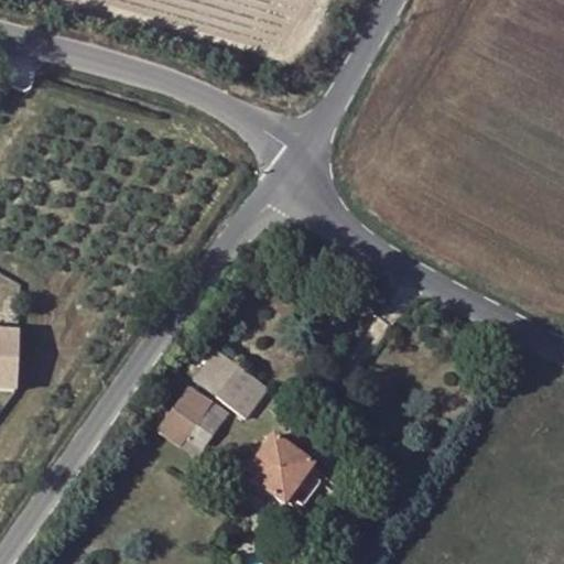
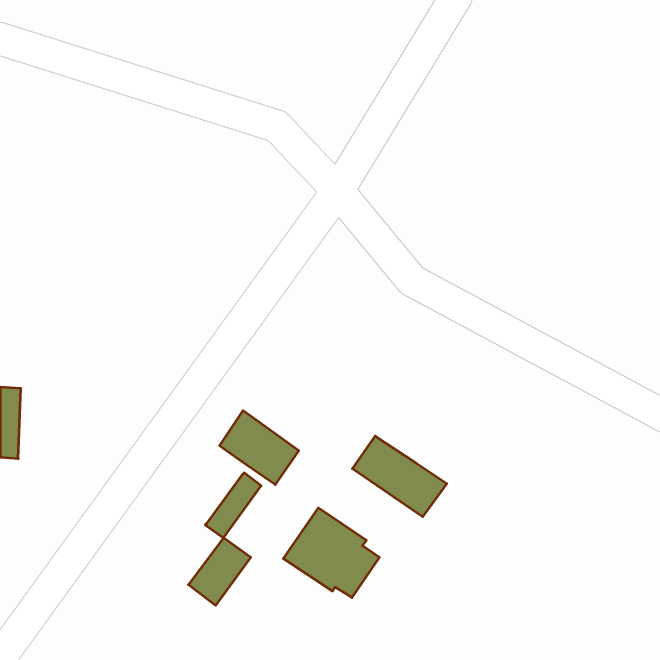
building: none -> [352,436,447,517]
building: [155,387,208,444] -> [188,538,251,605]

